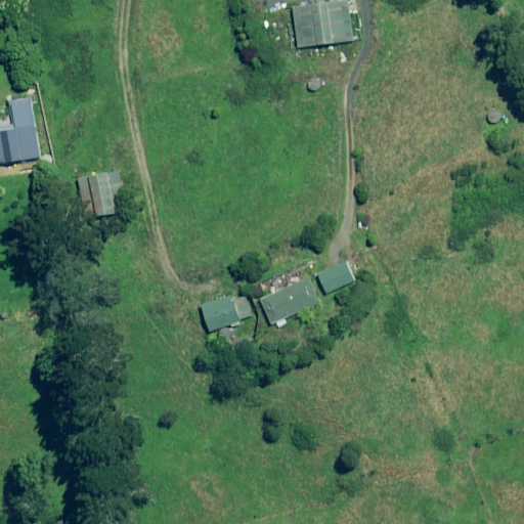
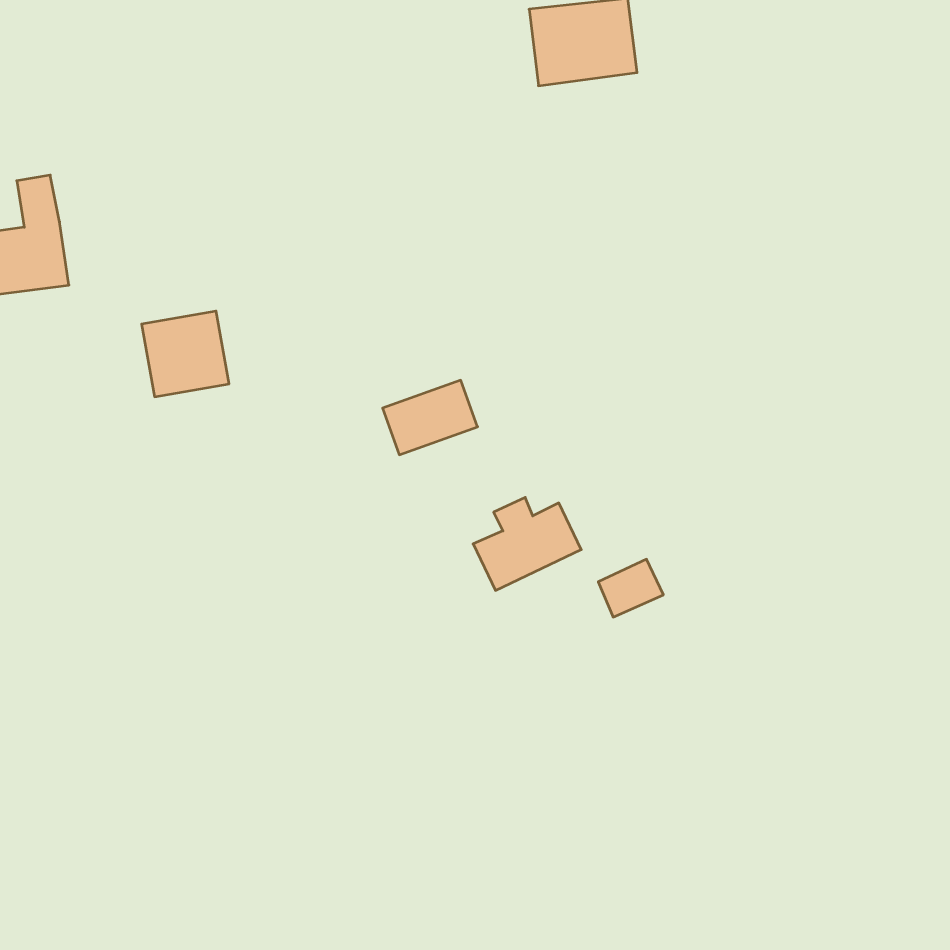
building: [317,261,353,293] -> [598,559,663,617]
building: [201,290,253,331] -> [383,380,478,455]

